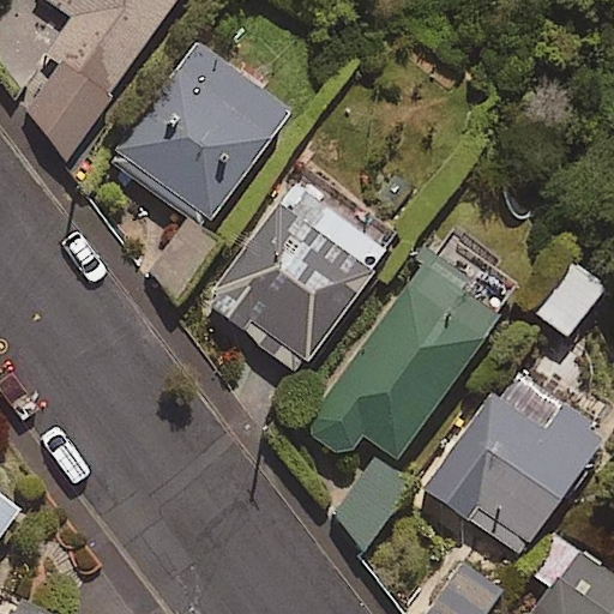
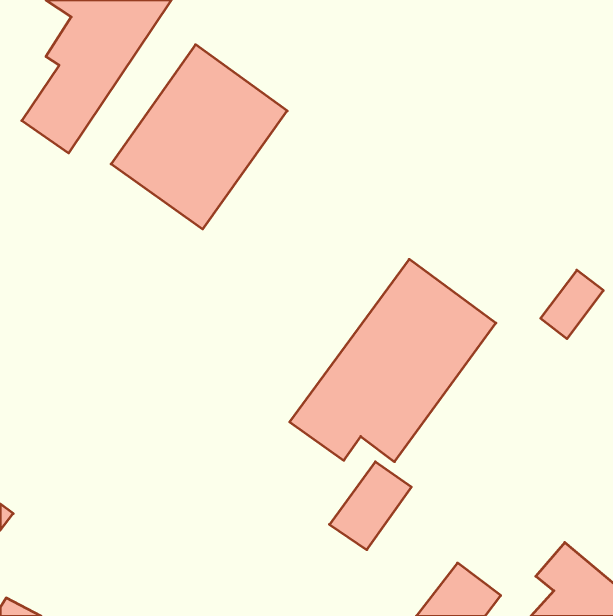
building: [206,167,398,371] -> none
building: [426,395,604,555] -> none

